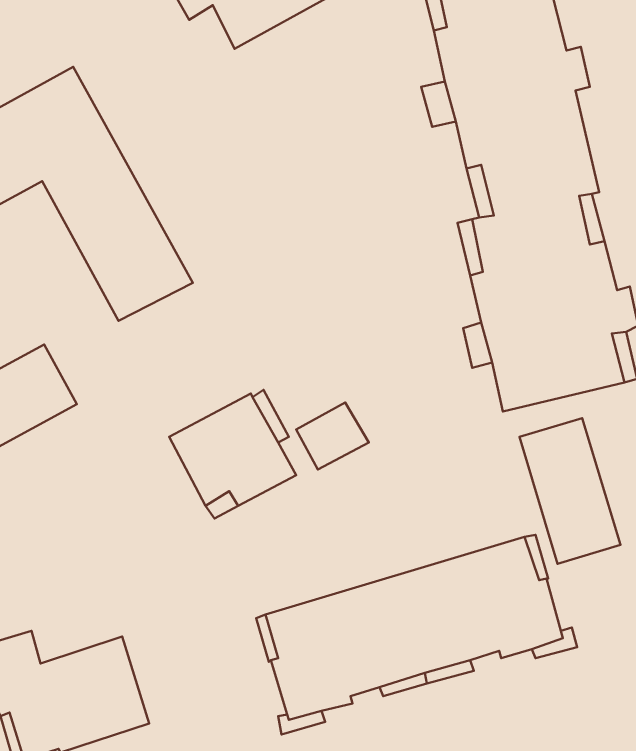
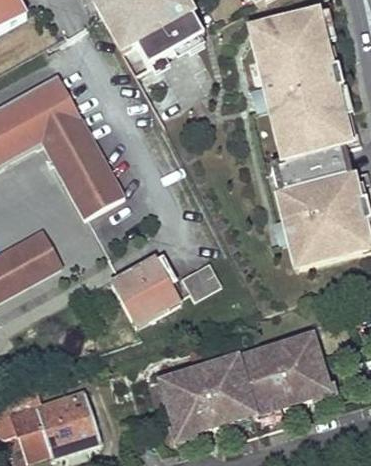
building: [519,418,620,564] -> none

